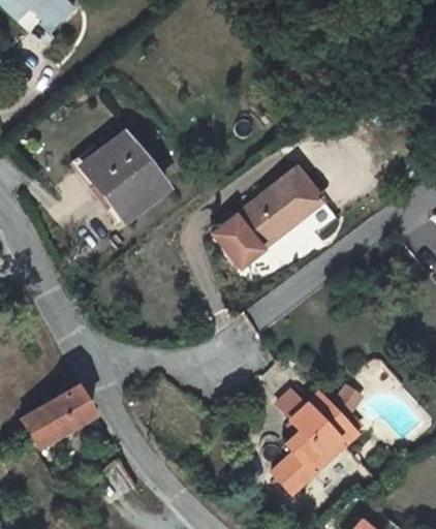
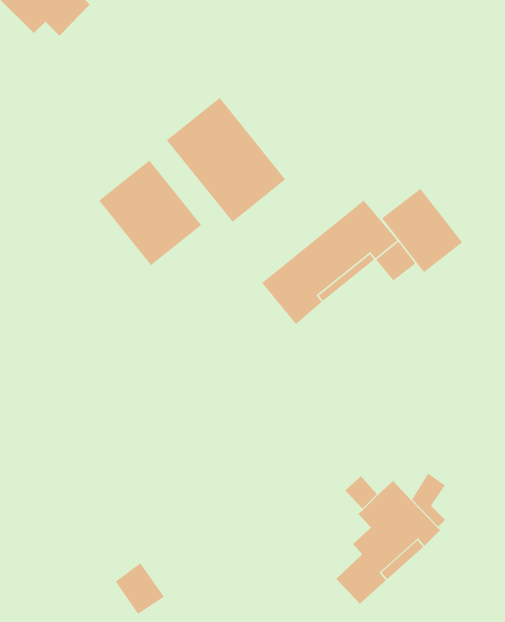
building: none -> [166,97,286,223]
building: none -> [381,188,463,273]
building: [21,384,94,447] -> none

